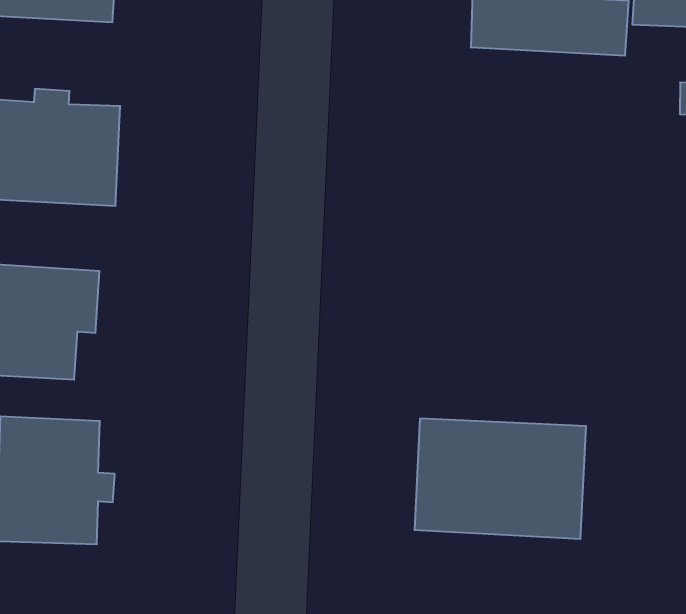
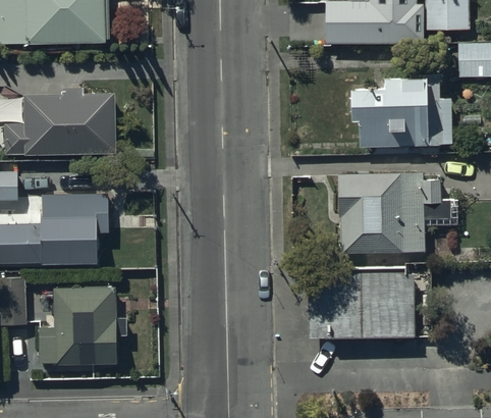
building: none -> [348,74,450,148]
building: none -> [336,172,455,254]

